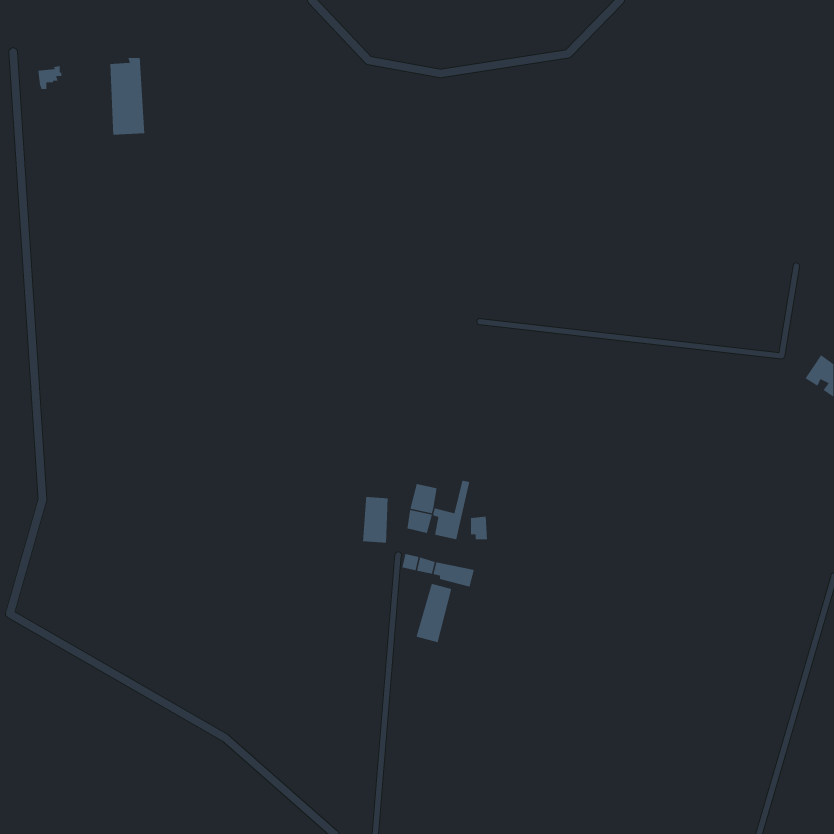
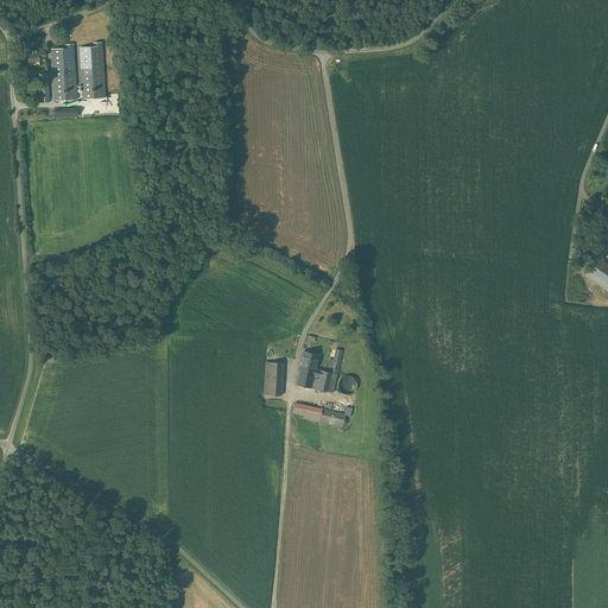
building: none -> [51,48,76,100]
building: [416,583,452,643] -> none

